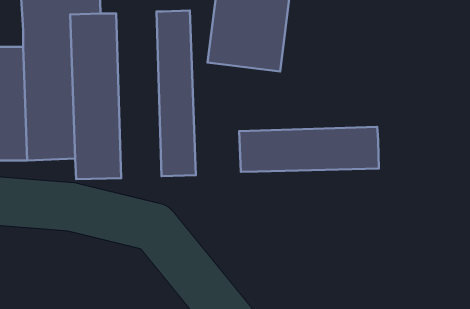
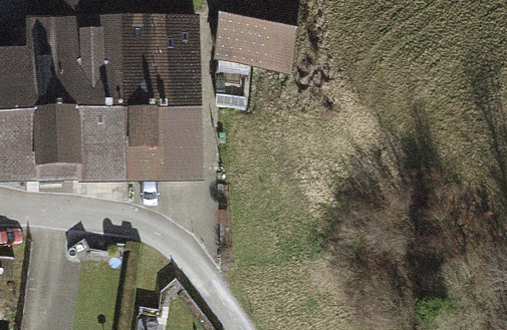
building: none -> [120,12,167,183]
building: [239,127,379,172] -> none

